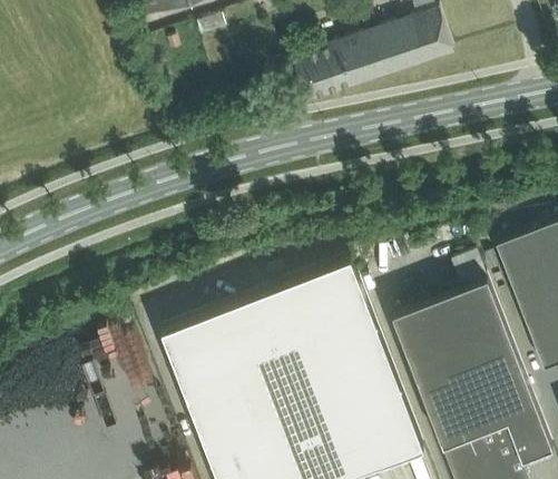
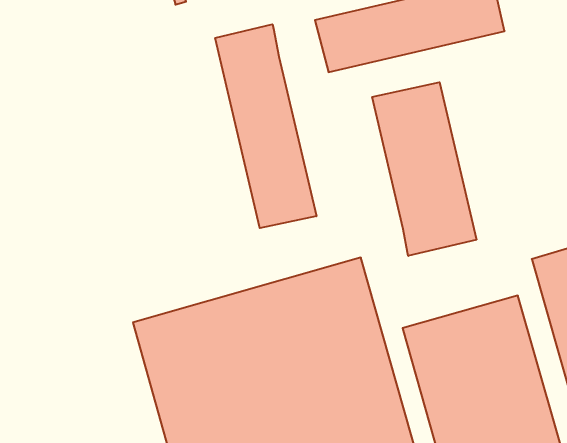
building: none -> [215,24,316,228]
building: none -> [372,82,476,256]

